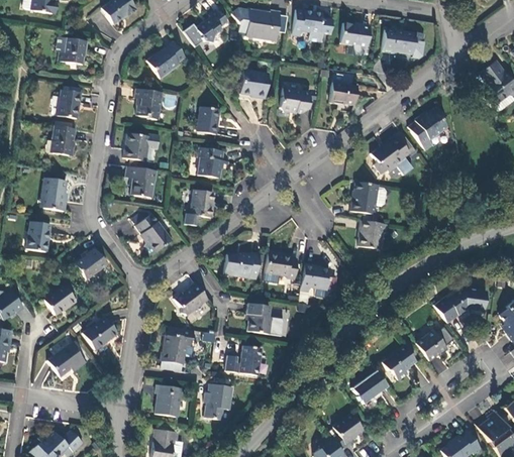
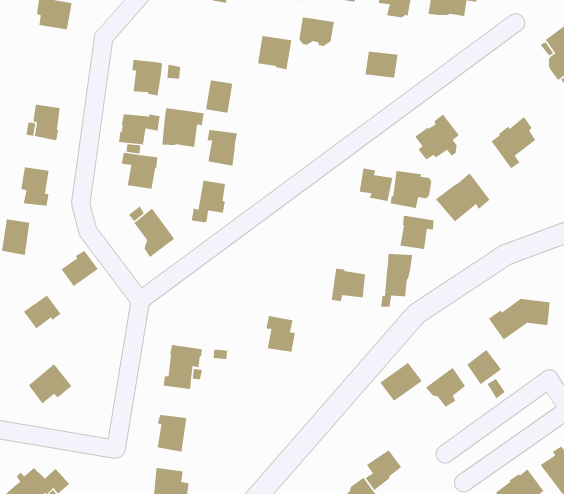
building: [145,42,185,78] -> none
building: [280,87,310,112] -> [299,17,335,47]
building: [57,89,81,118] -> none
building: [409,104,447,148] -> [490,116,536,169]
building: none -> [161,107,205,148]
building: none -> [359,168,393,202]
building: none -> [435,172,491,222]
building: none -> [380,253,413,308]
building: [265,250,297,277] -> none
building: [223,251,260,277] -> none
building: [176,281,208,314] -> none
building: [83,317,118,349] -> none
building: [226,346,263,375] -> none
building: [349,370,386,404] -> [379,362,423,402]
building: [204,383,232,420] -> none

